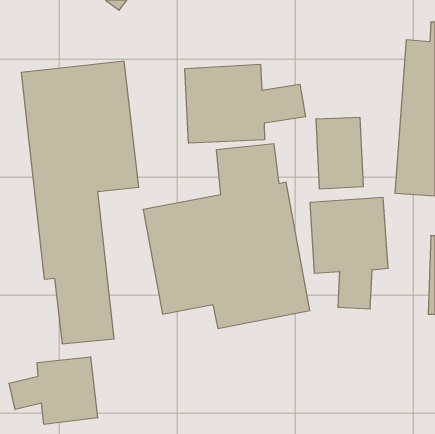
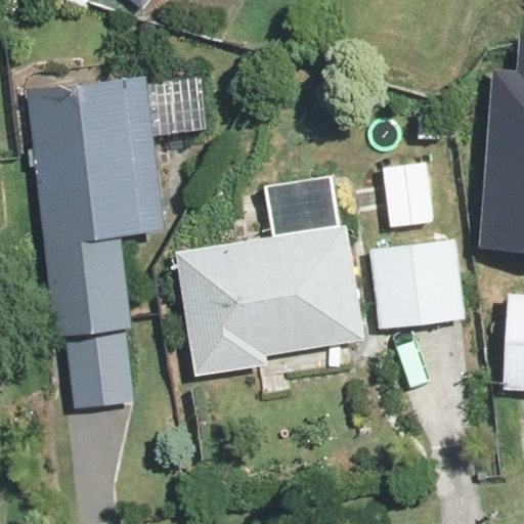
building: [185,64,306,143] -> none
building: [9,357,97,424] -> none

